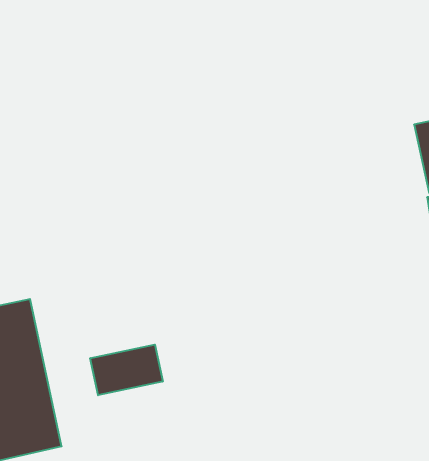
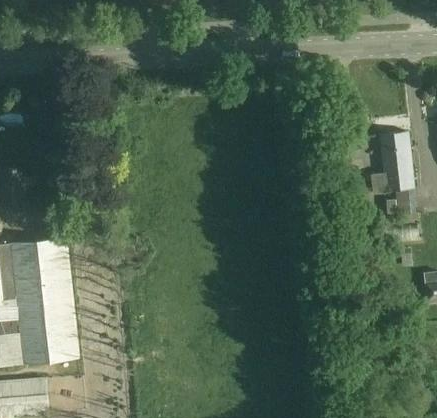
building: [90,345,163,395] -> none

